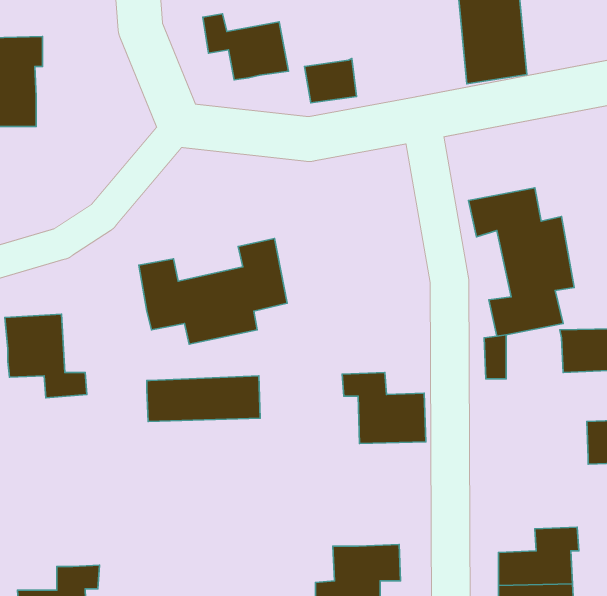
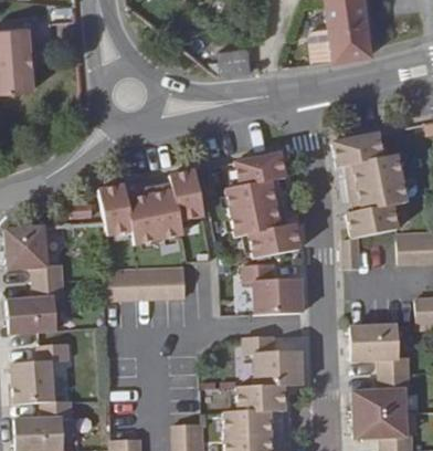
building: [203,14,288,80] -> none
building: none -> [226,154,299,258]
building: none -> [9,280,65,332]
building: none -> [349,325,408,374]
building: none -> [244,335,302,386]
building: none -> [13,342,70,402]

